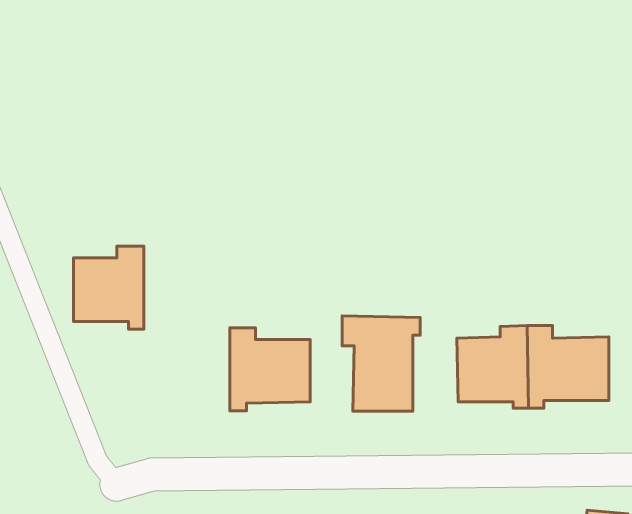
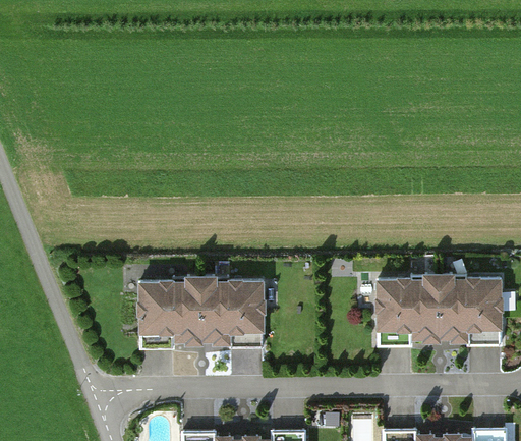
building: [74,246,144,329] -> [141,275,197,341]
building: [342,316,420,411] -> none

